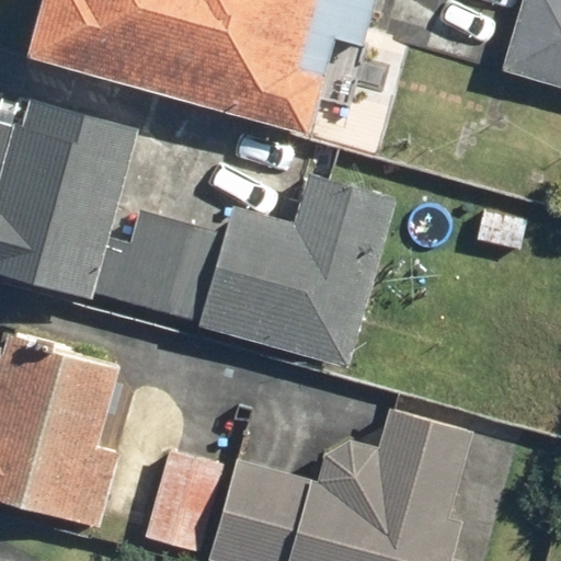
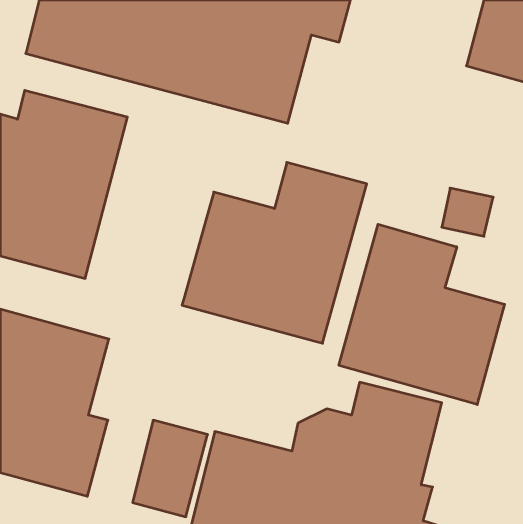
building: [115,211,222,320] -> none
building: none -> [339,224,505,405]

